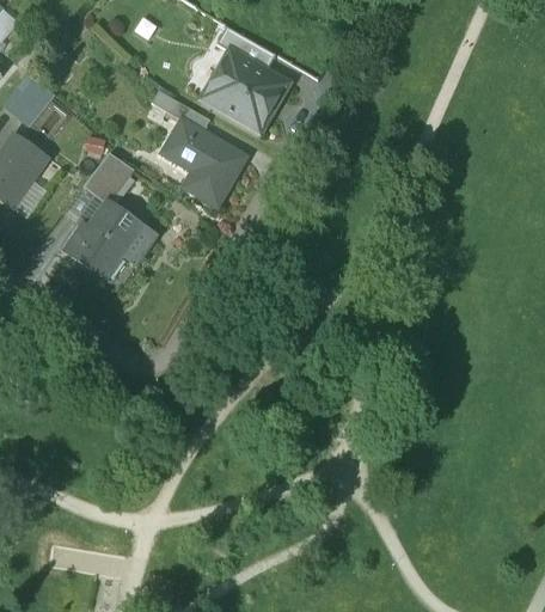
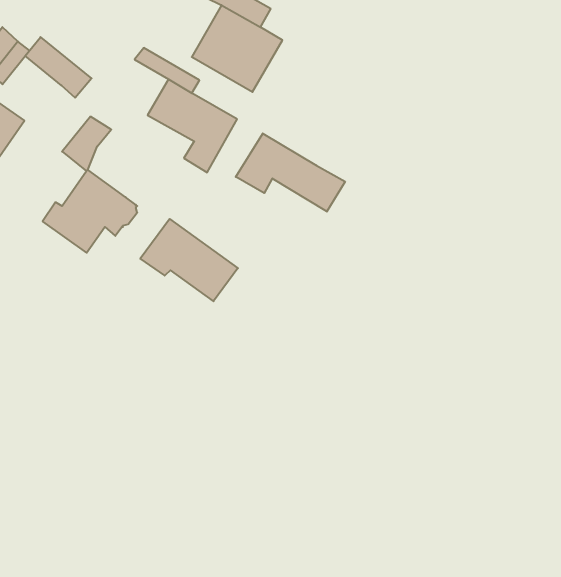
building: none -> [25,37,92,98]
building: none -> [236,133,345,212]
building: none -> [140,219,238,301]

